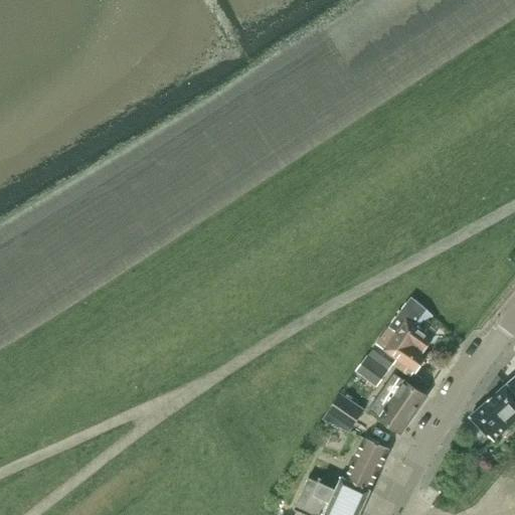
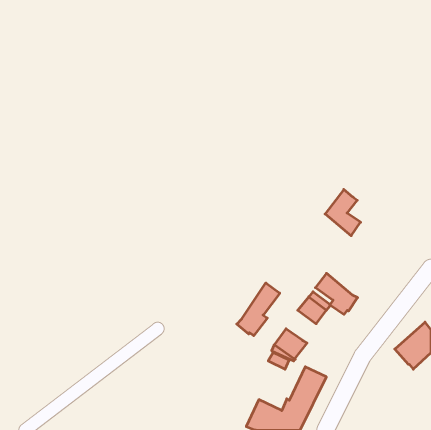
building: [389,297,432,352] -> [325,189,361,236]
building: none -> [237,283,280,336]
building: [369,373,425,432] -> none

